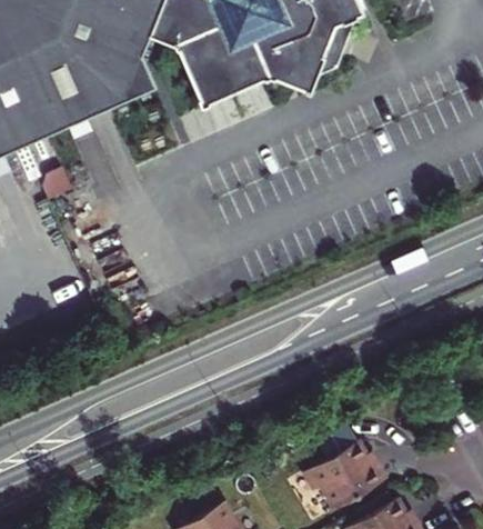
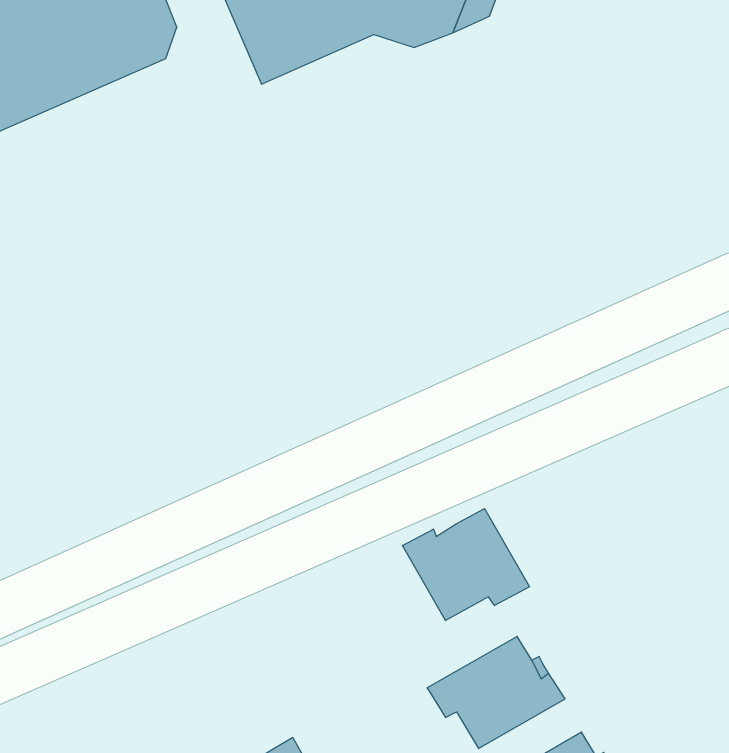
building: none -> [402,509,530,621]

